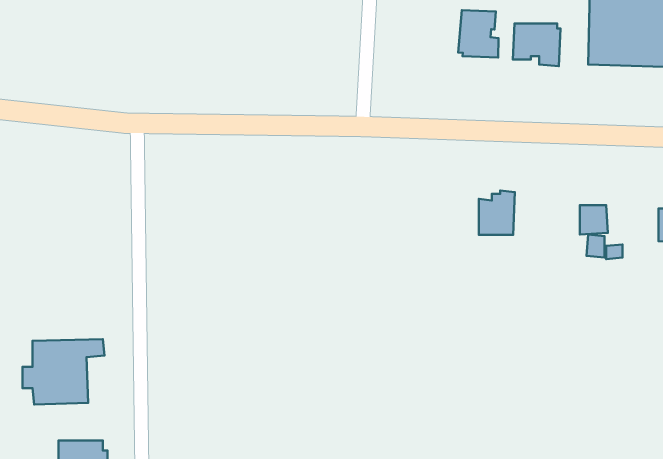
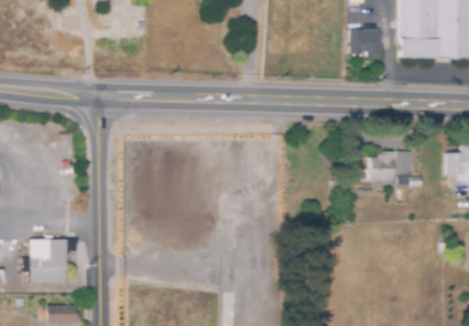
building: [458,10,498,58] -> none
building: [479,191,515,235] -> [369,151,393,180]

